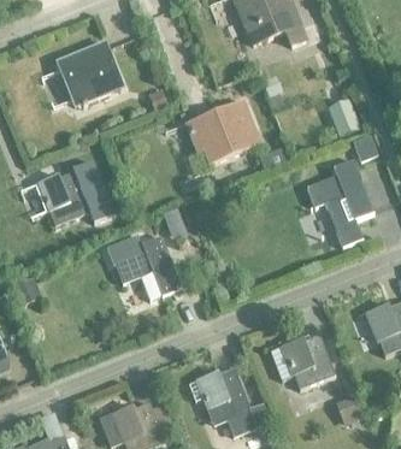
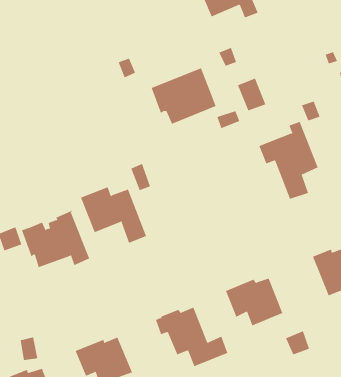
building: [57,41,122,105] -> none
building: [326,100,359,137] -> [237,78,266,111]
building: [34,159,112,224] -> [21,210,91,268]

